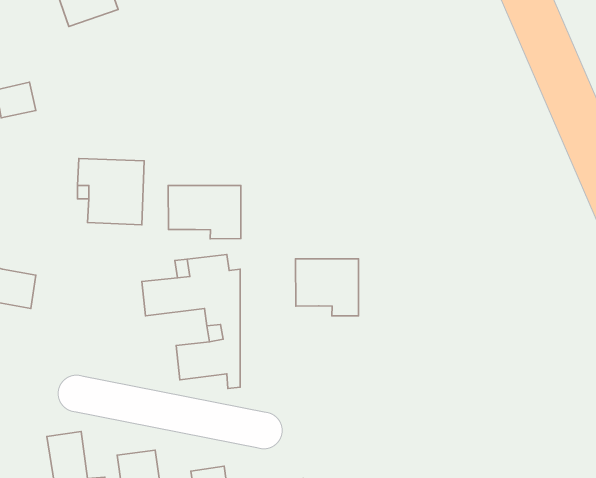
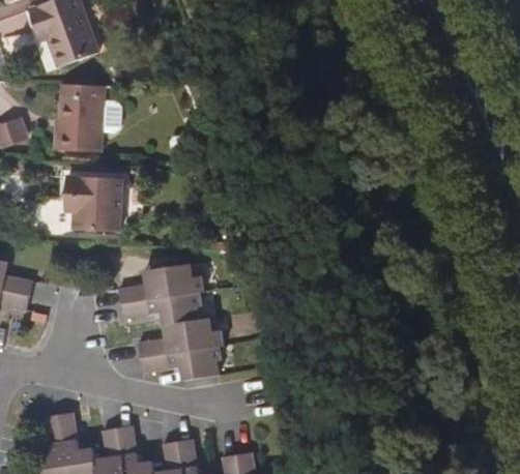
building: none -> [59,87,105,154]
building: [168,185,241,239] -> none
building: [295,259,359,316] -> none

